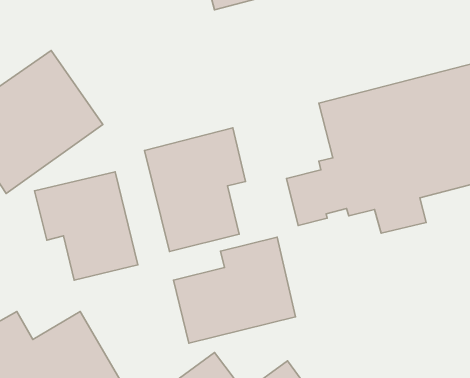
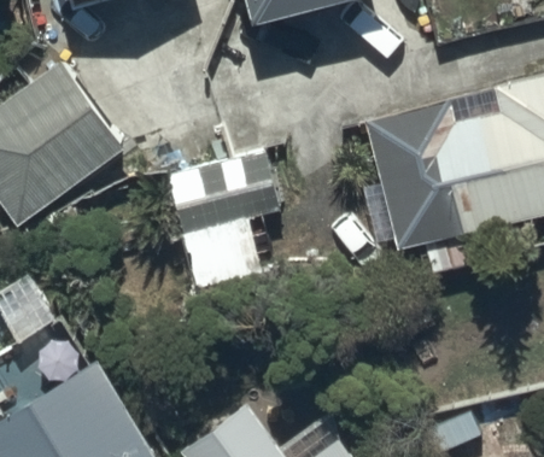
building: [35,172,138,280] -> none
building: [174,237,296,343] -> none

